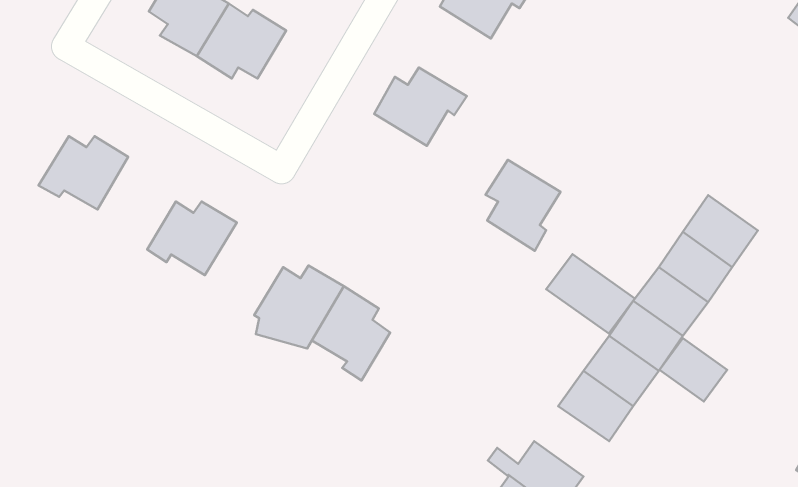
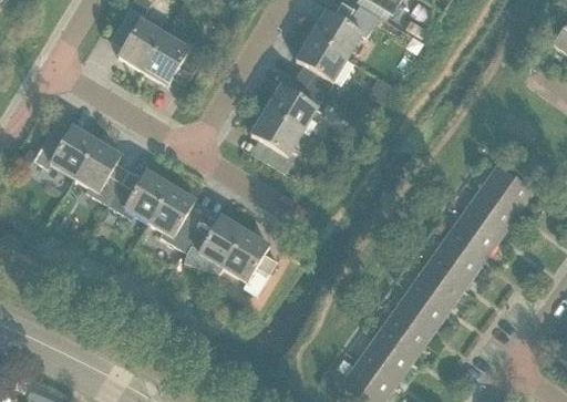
building: none -> [296,35,347,97]
building: none -> [74,140,128,204]
building: [485,160,561,251] -> [250,110,302,173]
building: none -> [148,185,203,249]
building: [546,254,635,334] -> none
building: [659,338,727,401] -> none
building: none -> [377,312,429,361]

